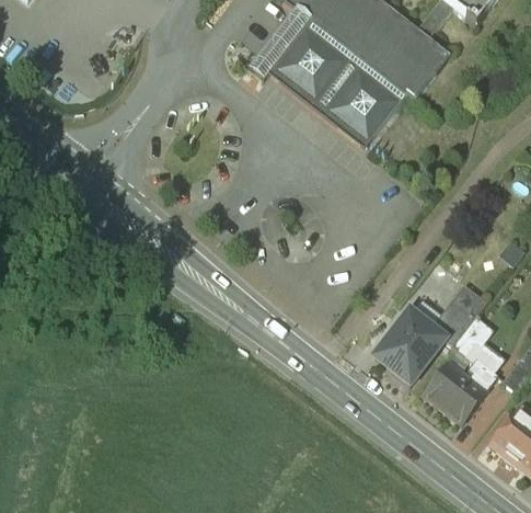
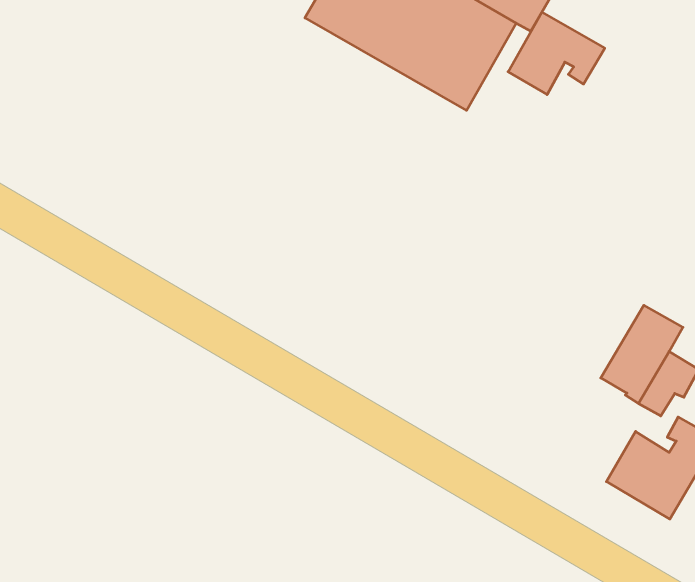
building: none -> [508,12,605,95]
building: [373,308,445,384] -> none

